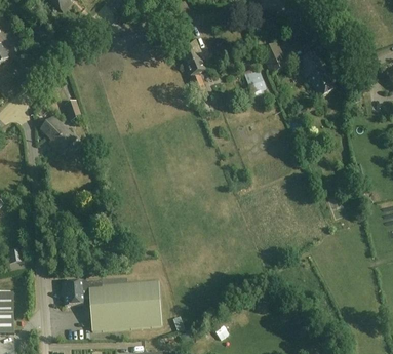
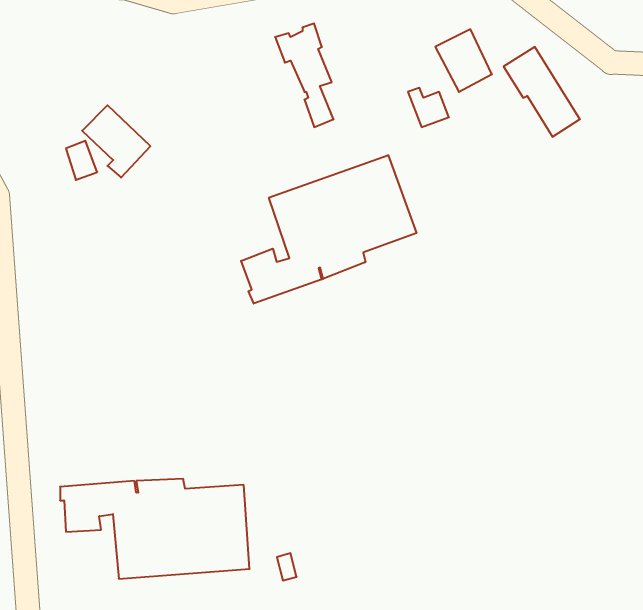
building: none -> [241,155,416,304]
building: [40,116,76,154] -> [82,105,150,178]

